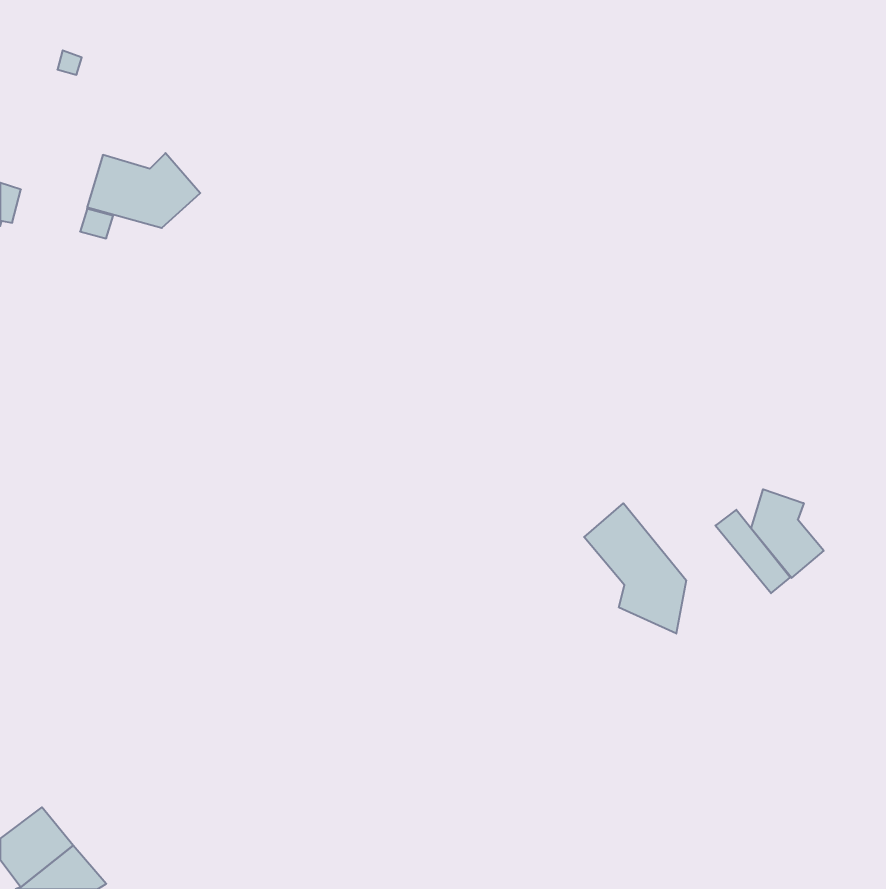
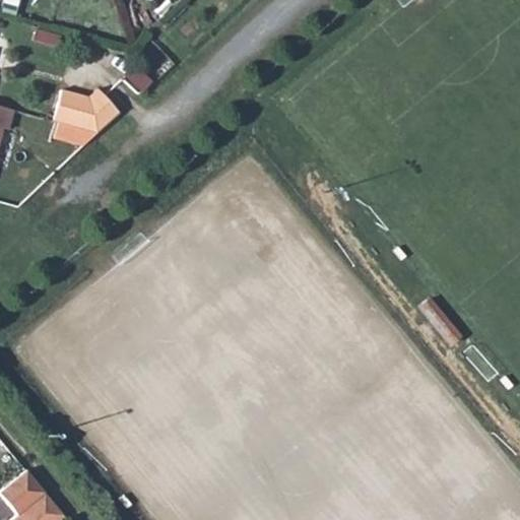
building: [751,489,824,578] -> none
building: [584,503,686,634] -> none

